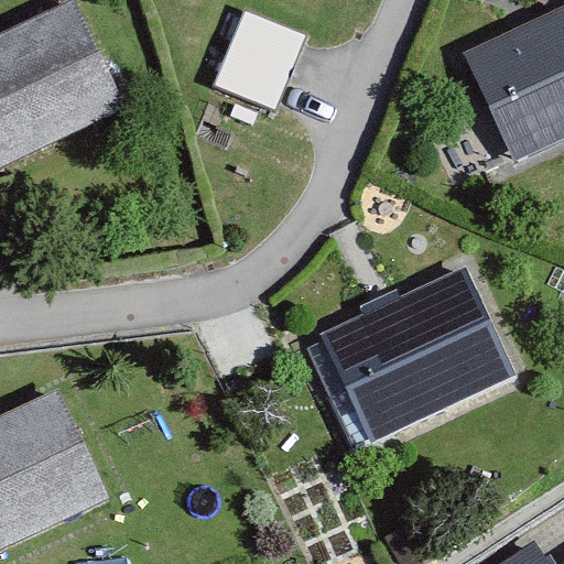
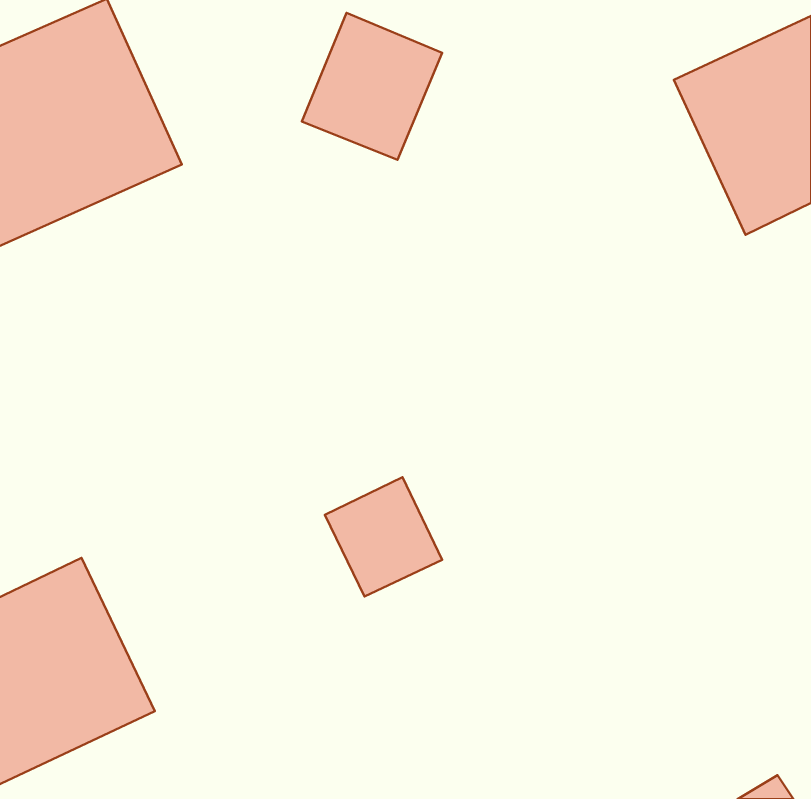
building: [321,264,517,441] -> none
building: none -> [325,477,442,596]

